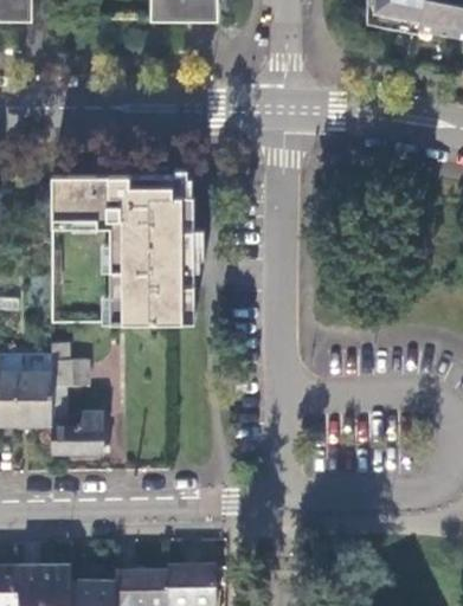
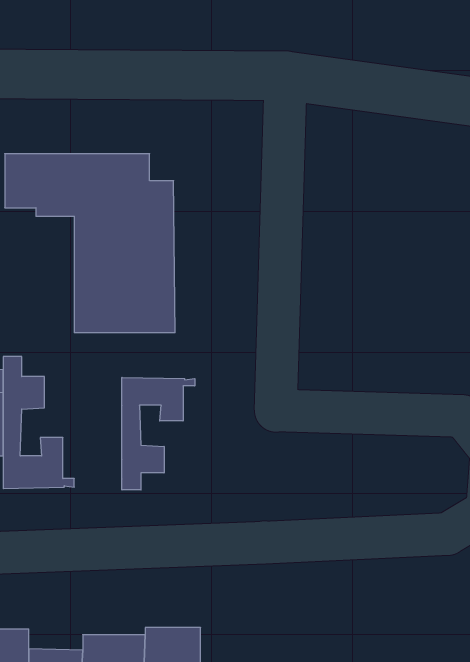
building: none -> [122,377,195,490]

